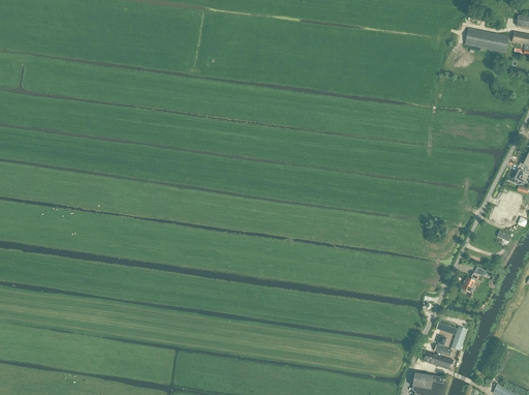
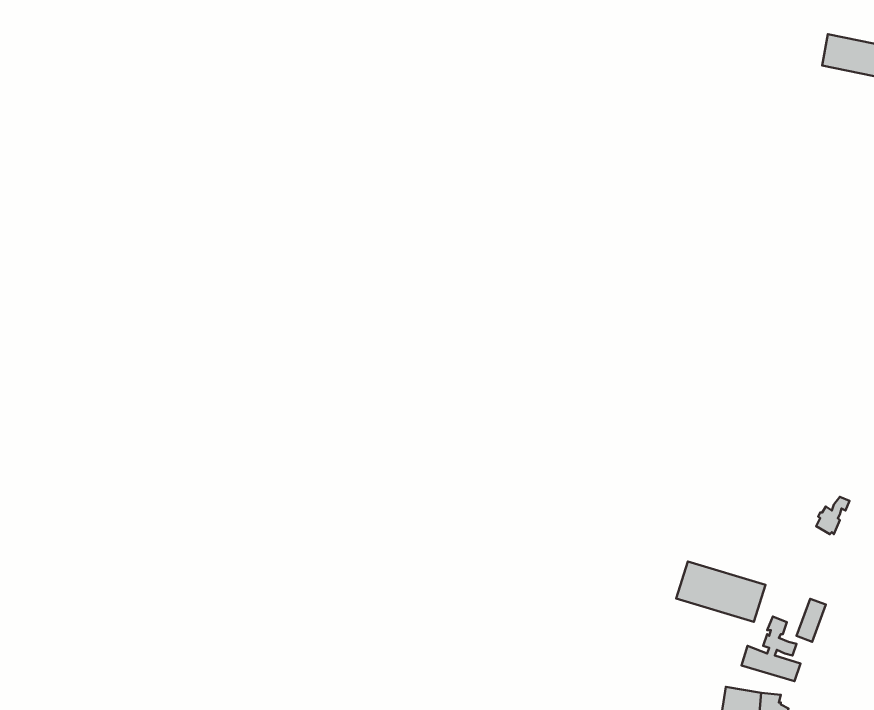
building: none -> [676,561,765,622]

